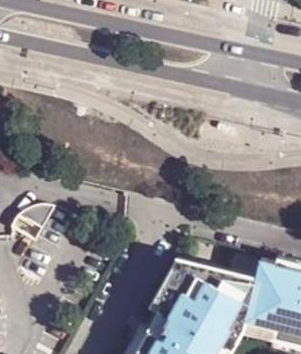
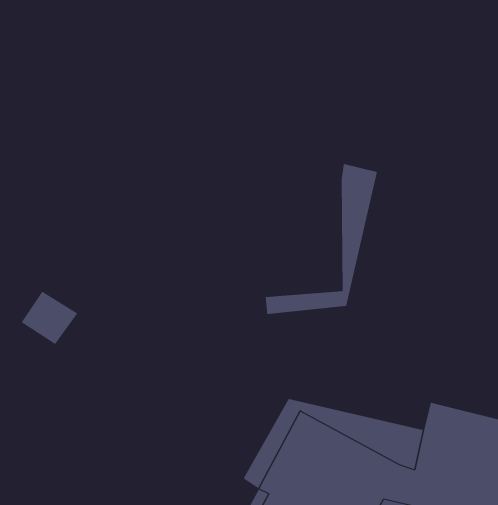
building: none -> [265,163,378,315]

